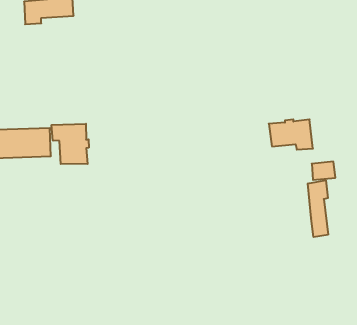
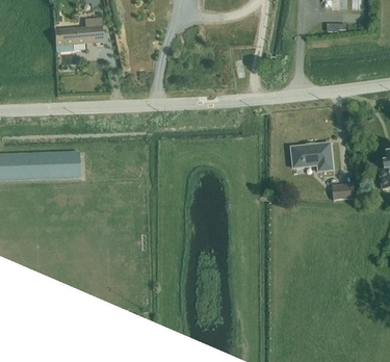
building: [52,124,89,164] -> none
building: [308,180,328,237] -> none

